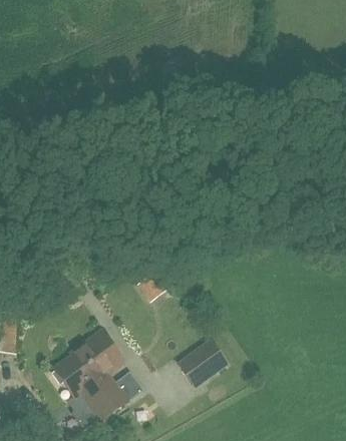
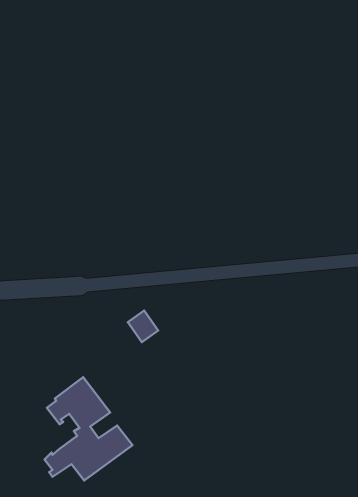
building: [180,340,227,386] -> none
building: [55,357,98,397] -> none

